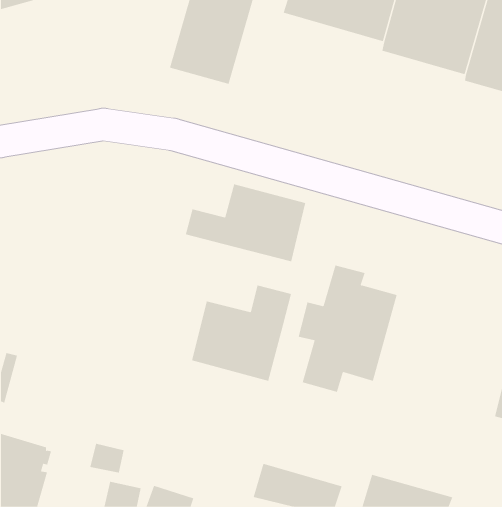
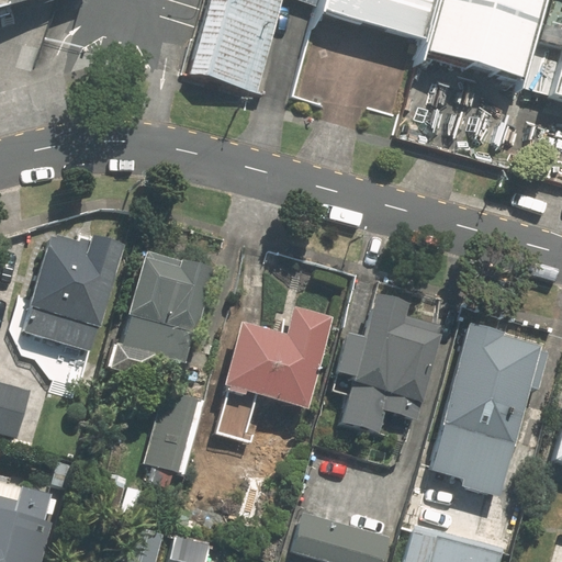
building: [185,184,306,262] -> none
building: none -> [18,236,119,359]
building: none -> [104,254,206,387]
building: none -> [434,321,550,467]
building: none -> [147,396,200,481]

